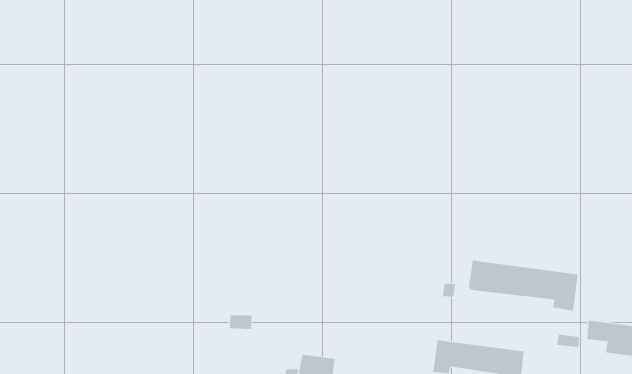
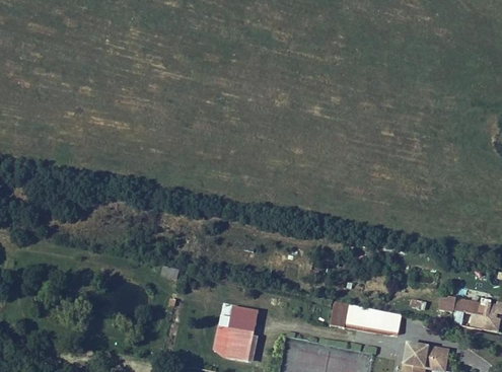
building: [468,260,578,312] -> none

